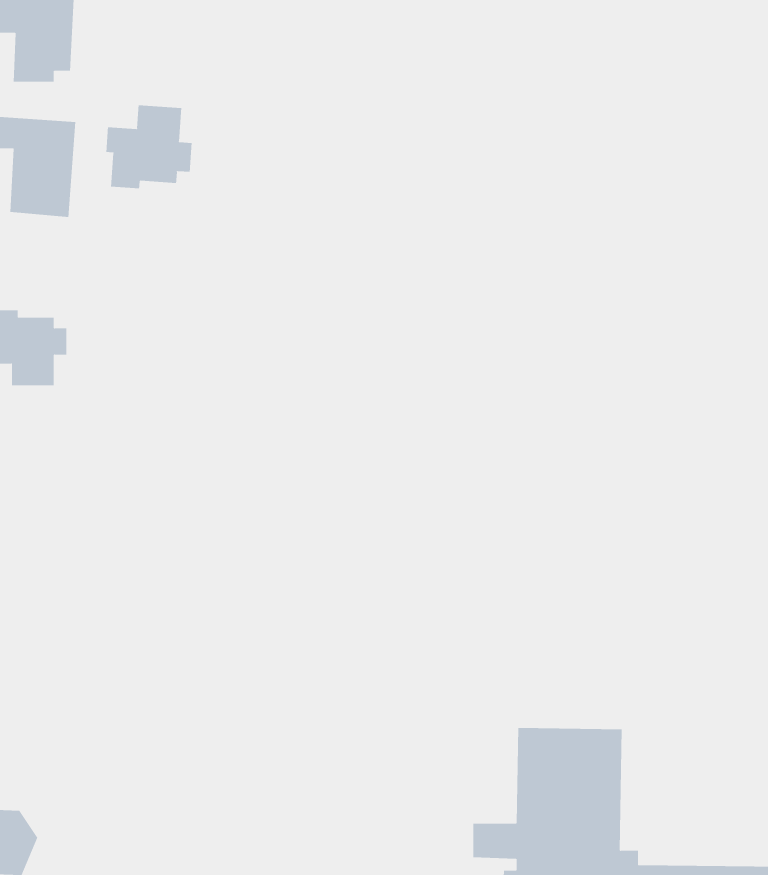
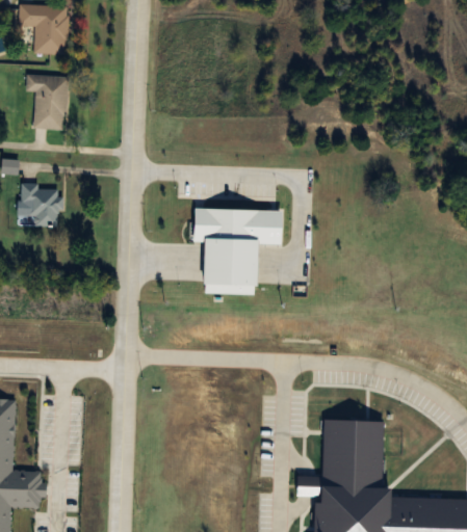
building: [106,104,192,189] -> none
building: none -> [193,211,282,296]

